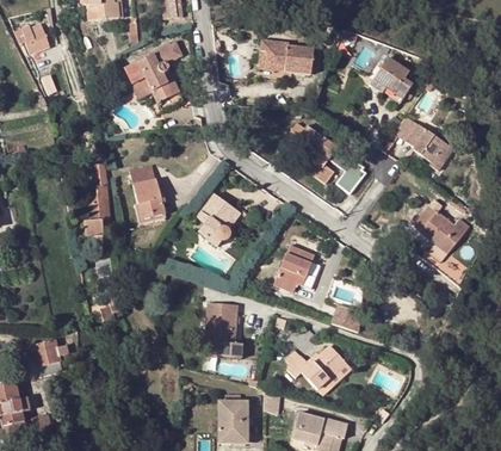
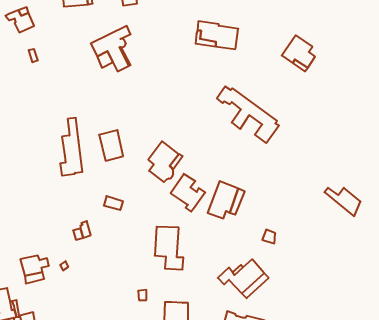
building: [406,123,453,171] -> none
building: [414,205,469,261] -> none
building: none -> [171,174,205,212]

